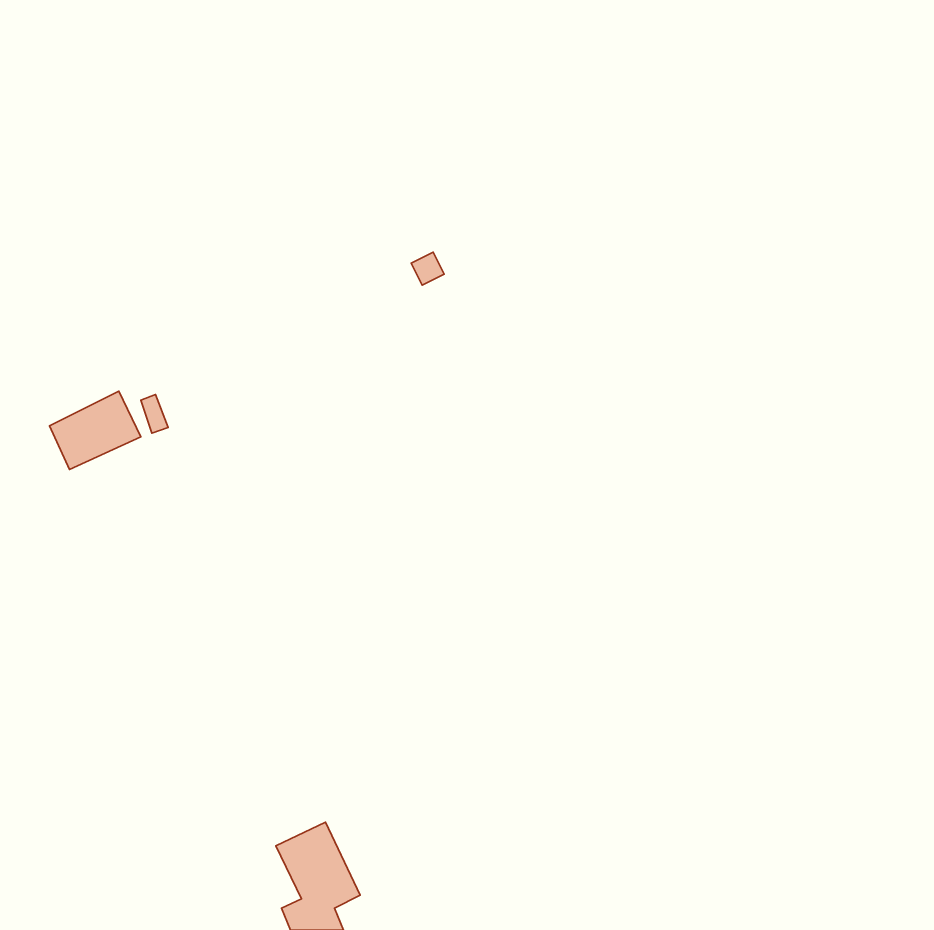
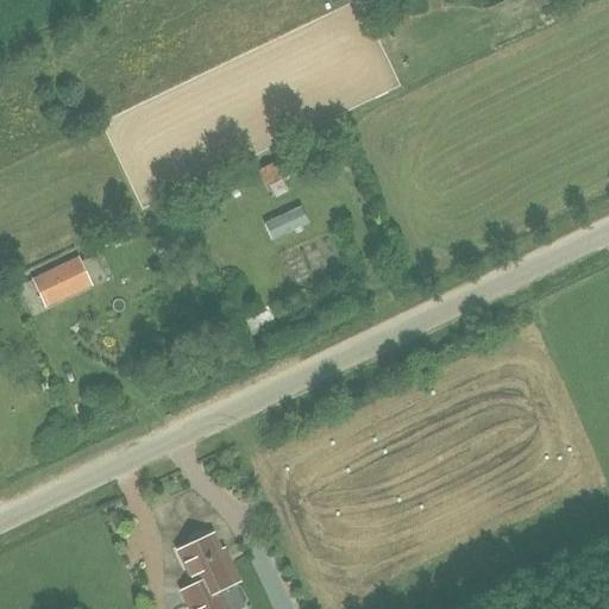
building: none -> [263,203,308,238]

